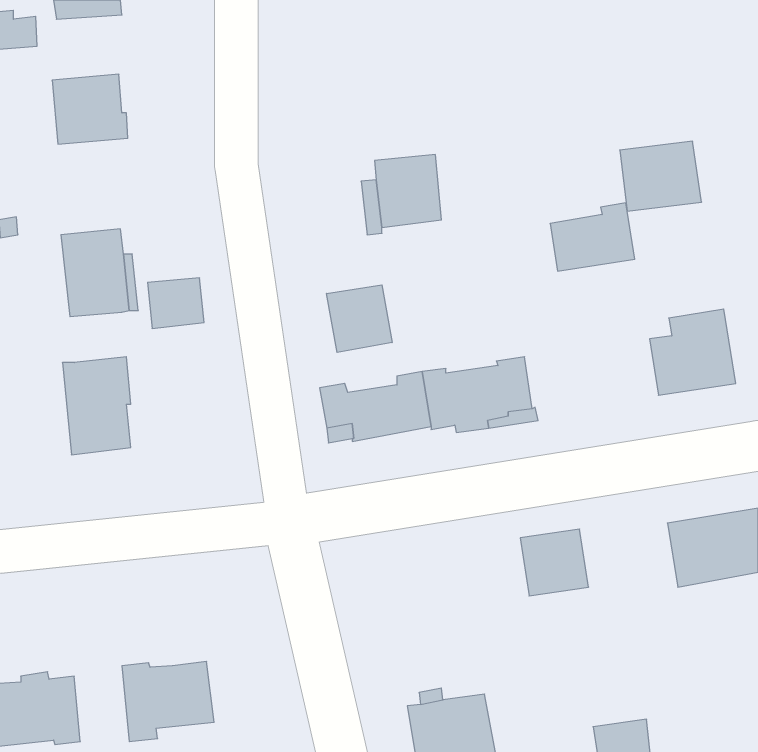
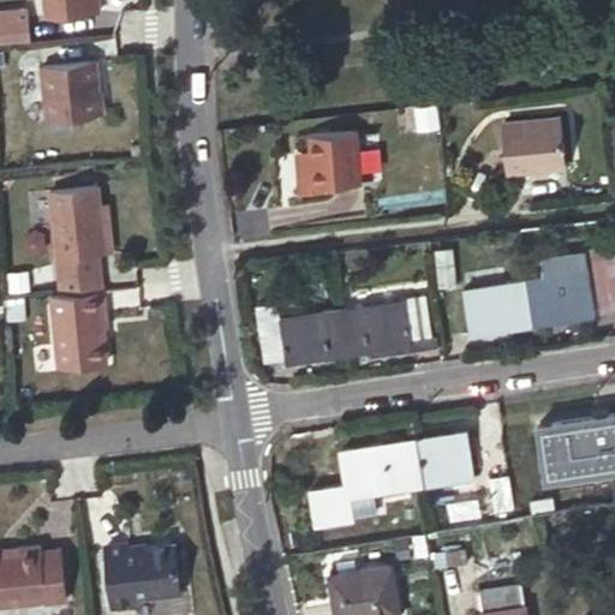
building: [550,203,635,271] -> [464,280,532,335]
building: [148,278,204,328] -> [56,258,102,299]
building: [327,285,392,352] -> none
building: none -> [312,441,428,525]

